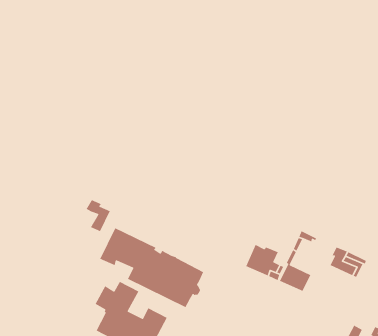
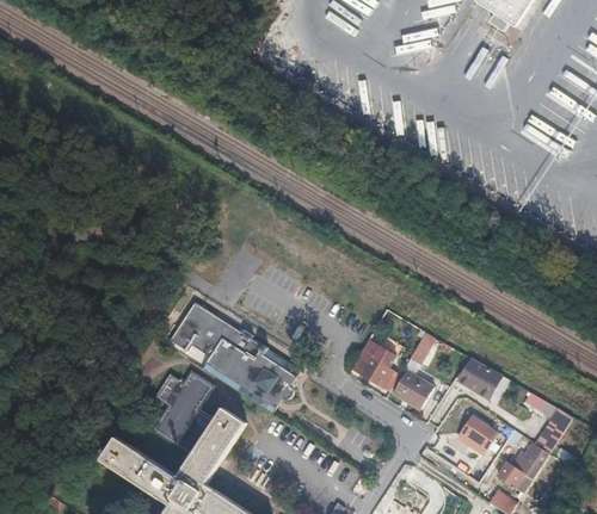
building: [85,199,111,232] -> none
building: none -> [461,417,496,448]

